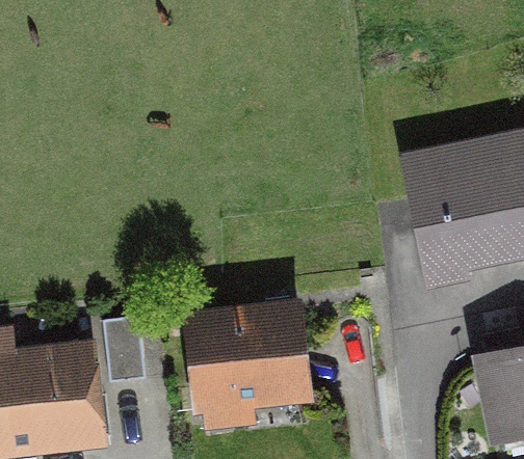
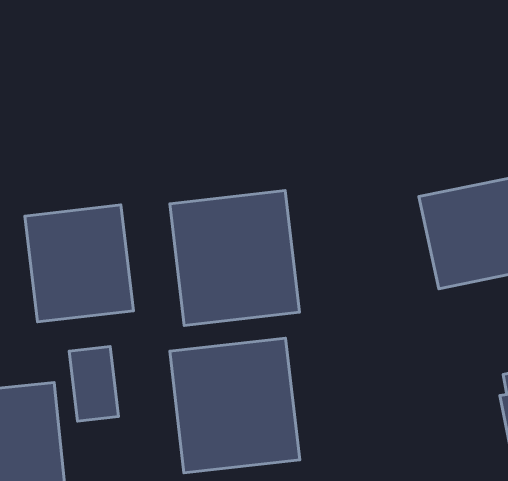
building: none -> [170,190,300,325]
building: none -> [25,205,133,322]

